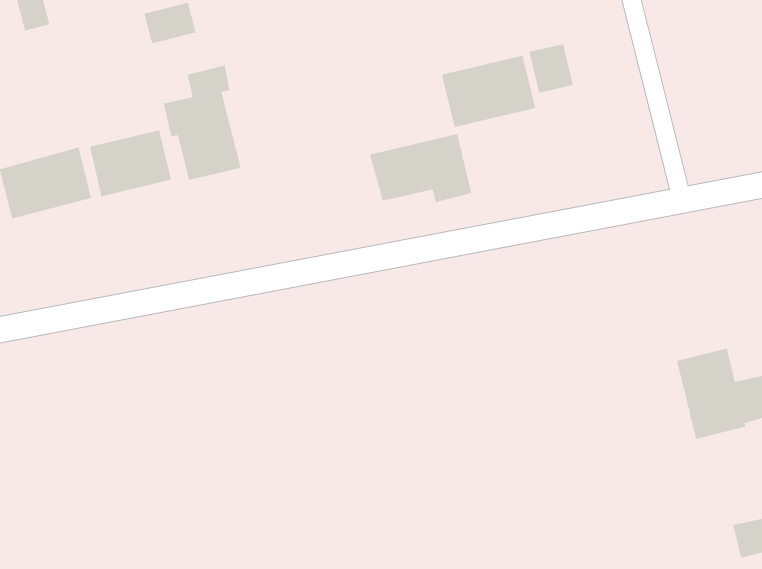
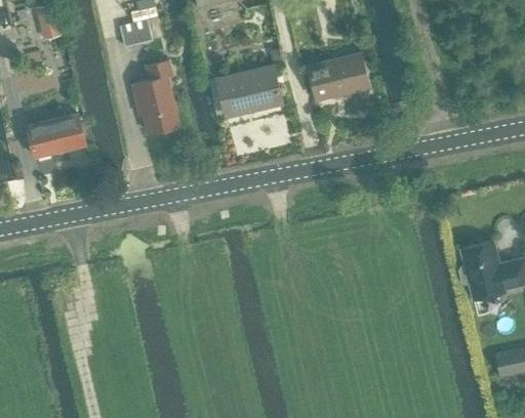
building: [529,43,573,93] -> none
building: [89,130,171,197] -> none
building: [369,134,472,203] -> [215,66,281,110]

